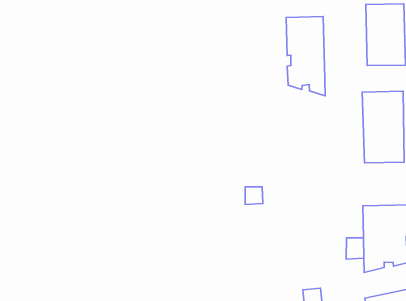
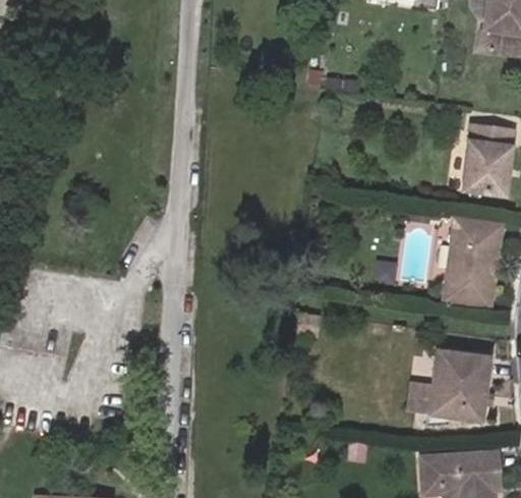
building: [286,17,325,96] -> none

